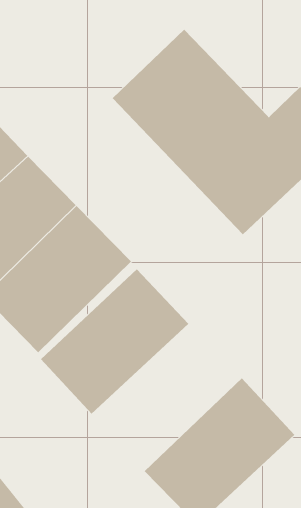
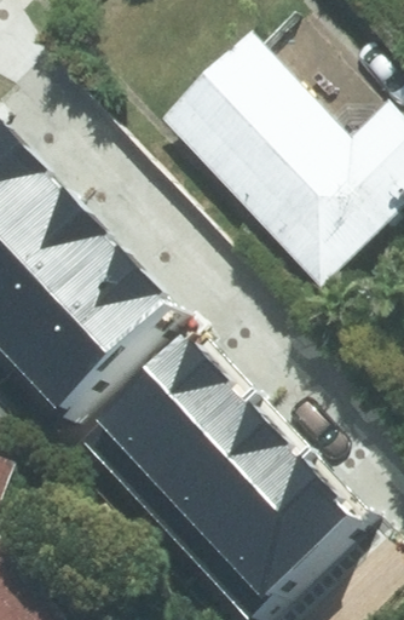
building: none -> [137,390,317,567]

